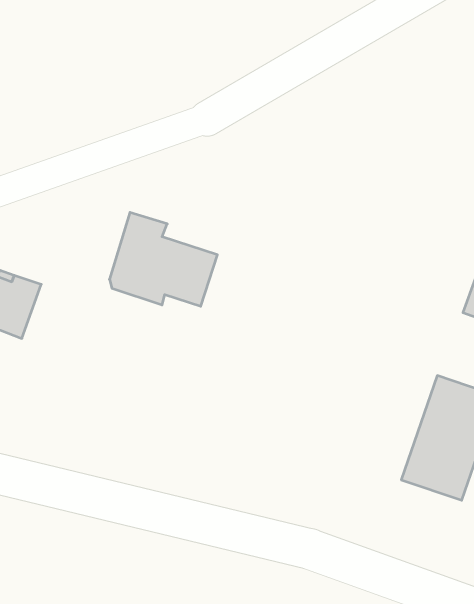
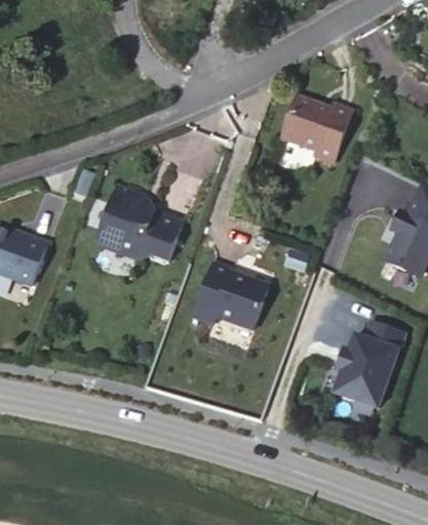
building: none -> [280,91,353,160]
building: none -> [195,259,270,326]

